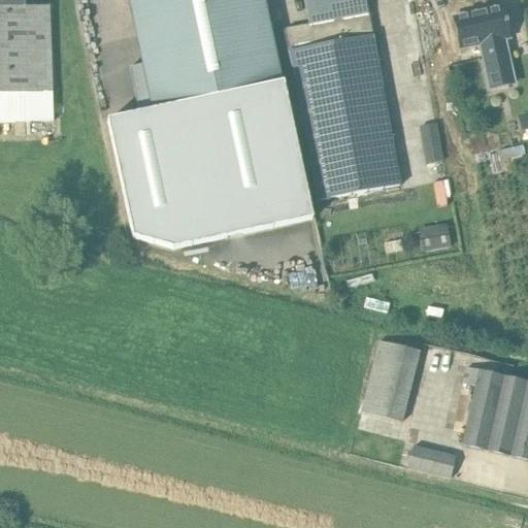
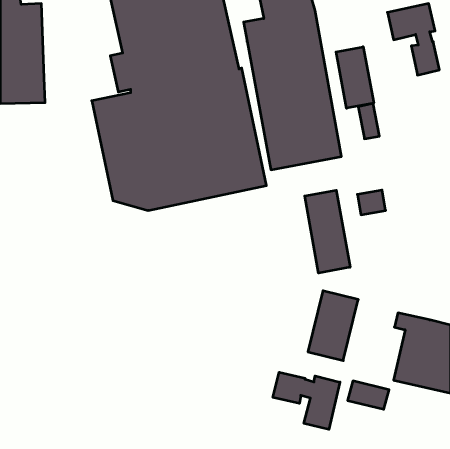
building: none -> [336,47,374,108]
building: none -> [305,190,350,273]
building: none -> [273,372,340,429]

